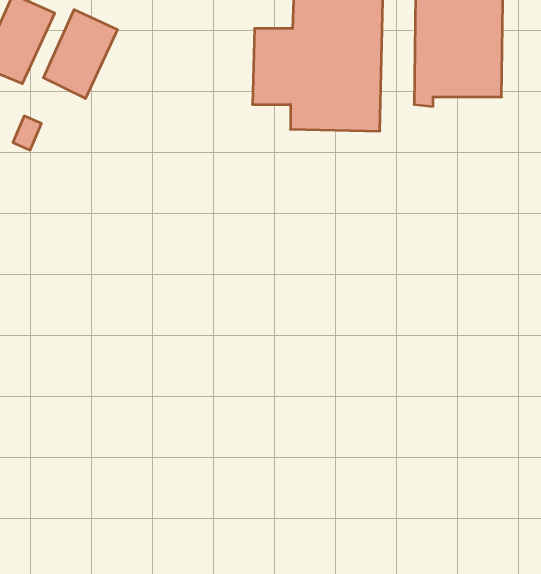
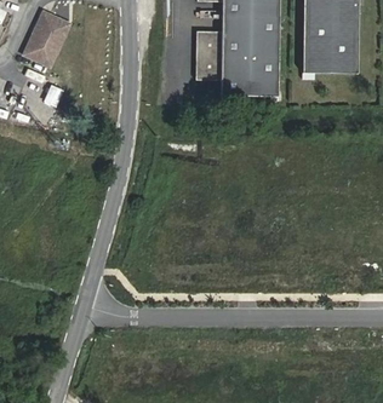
building: [43,10,117,99] -> none

